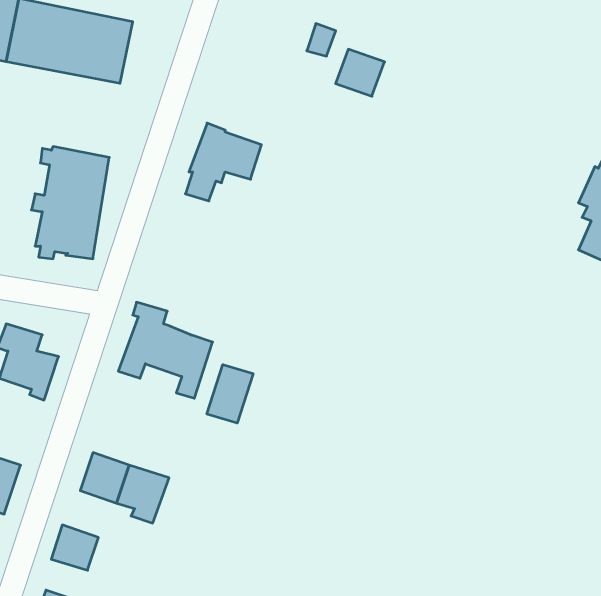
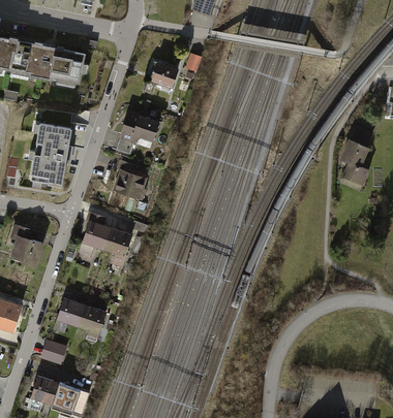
building: [336,49,385,96] -> [150,61,178,88]
building: none -> [112,160,147,199]
building: [207,365,253,423] -> none

